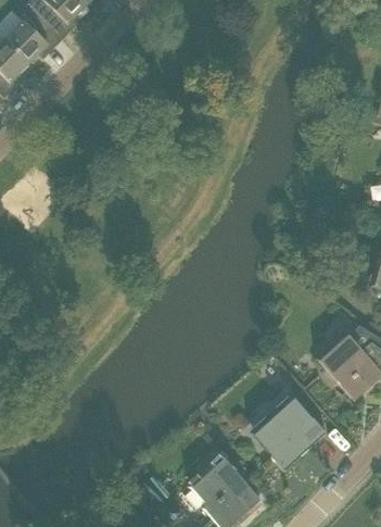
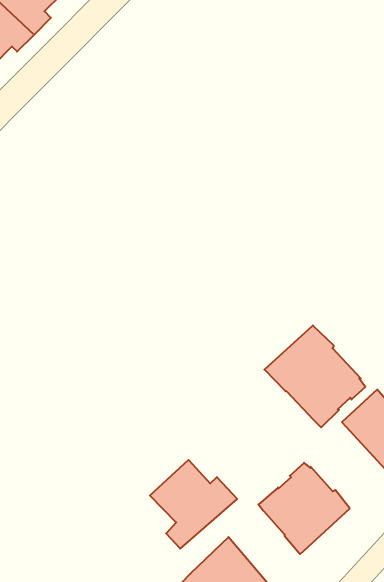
building: none -> [264,325,365,427]
building: none -> [150,460,237,549]

